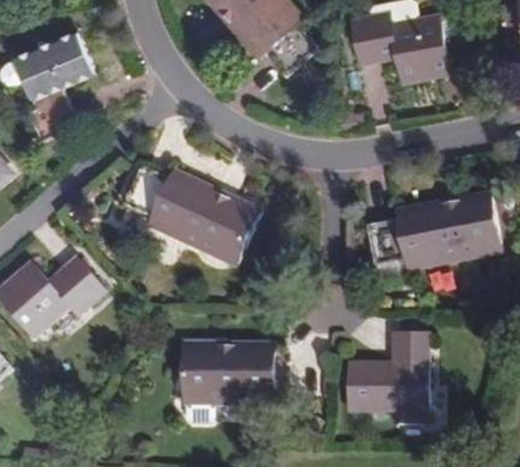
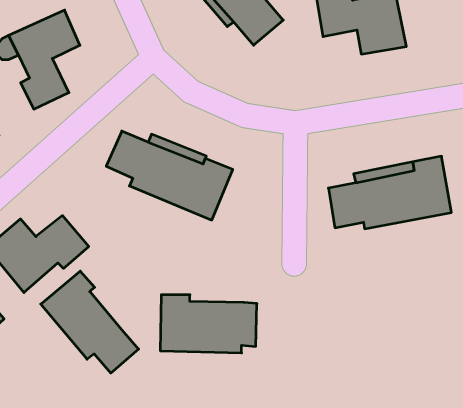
building: none -> [41,271,139,373]
building: [347,334,429,425] -> none

